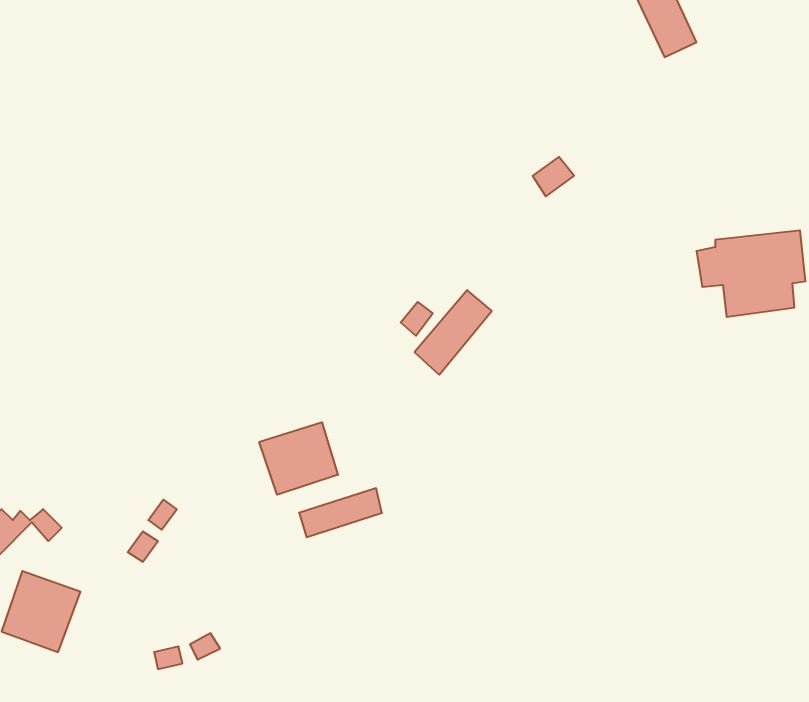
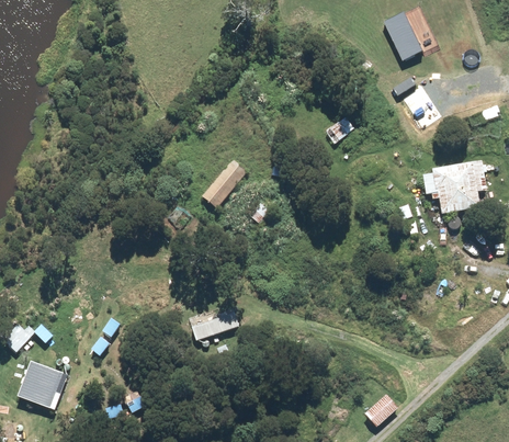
building: [415,290,492,375] -> [202,159,247,208]
building: [259,422,338,495] -> none
building: none -> [364,393,398,427]

